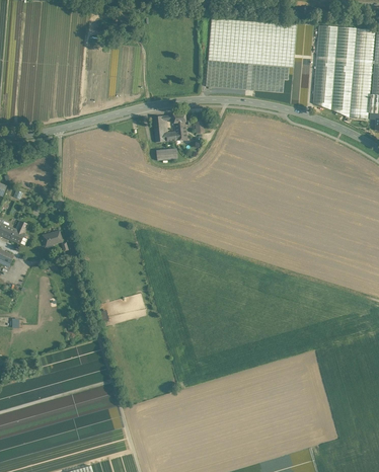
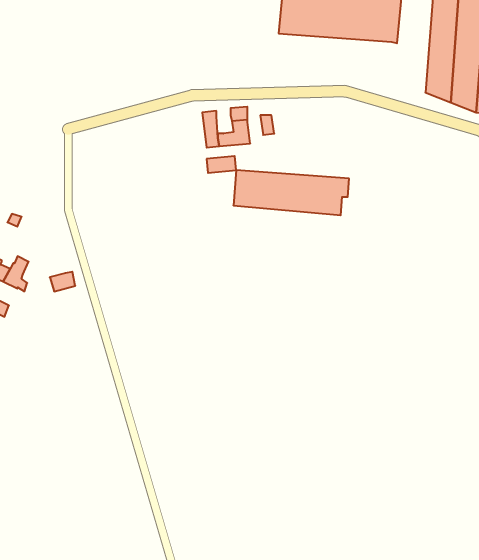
building: [205,60,288,92] -> [233,170,349,215]

